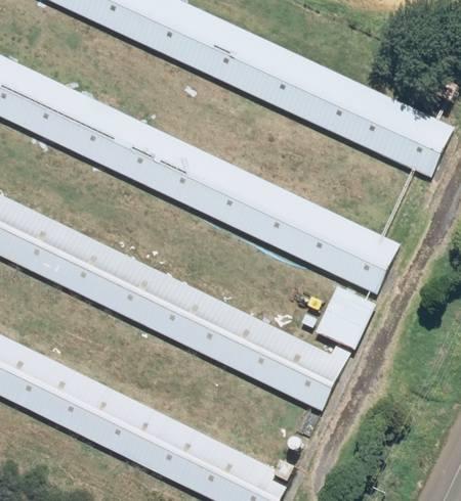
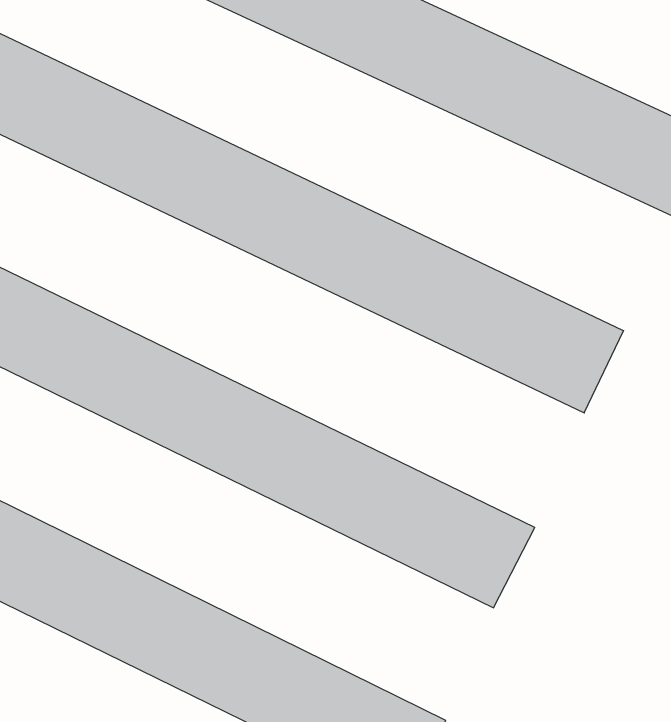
building: [317,287,374,349] -> none

